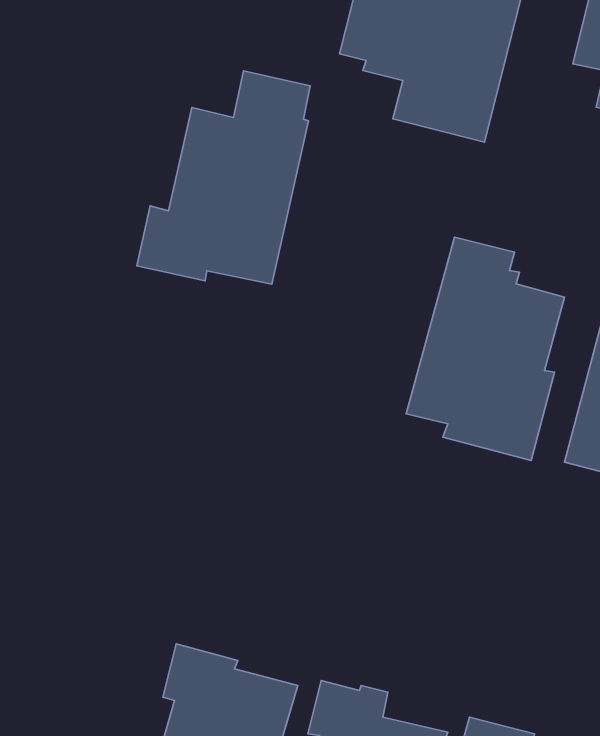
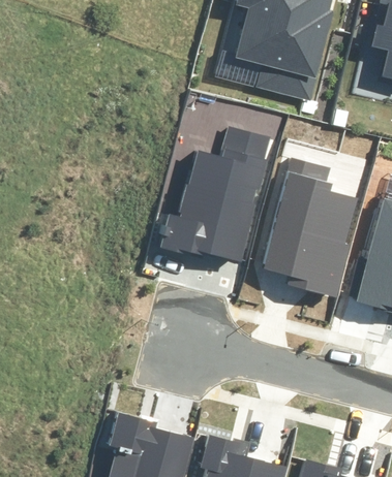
building: [137,71,310,284] -> [162,129,270,261]

